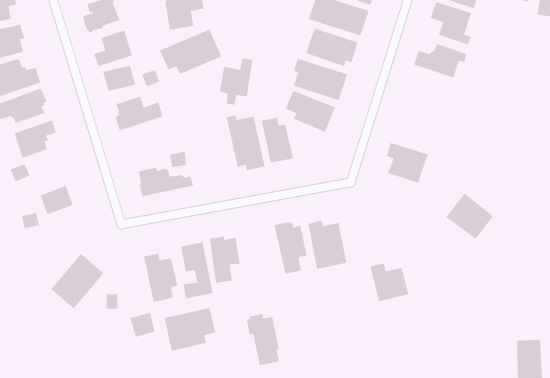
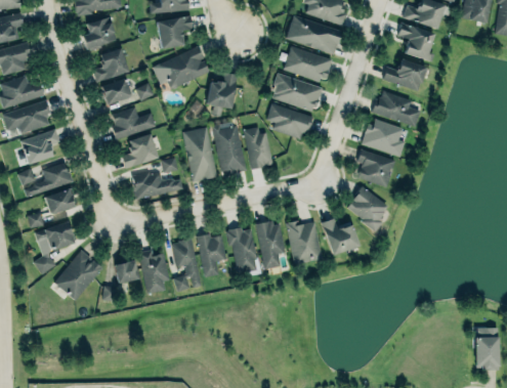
building: none -> [373,90,420,127]
building: none -> [362,119,404,157]
building: none -> [182,127,217,182]
building: none -> [122,133,159,169]
building: none -> [25,164,74,198]
building: [445,192,494,240] -> [345,186,389,229]
building: none -> [35,222,75,252]
building: [369,263,409,302] -> [322,219,357,255]
building: [164,307,216,352] -> none
building: [129,312,156,338] -> [115,262,138,286]
building: [246,313,280,366] -> [226,226,257,274]

